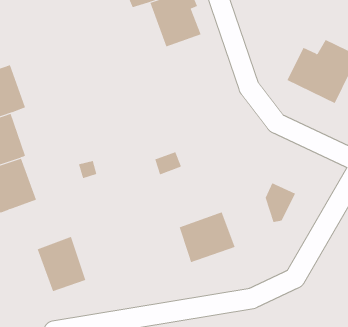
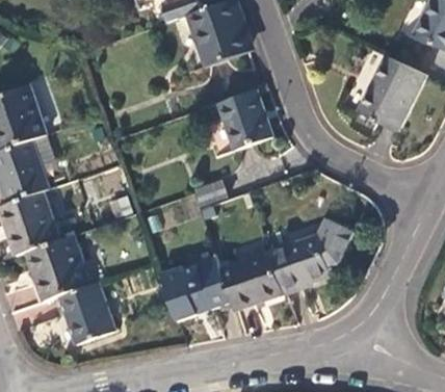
building: none -> [219,90,271,150]
building: none -> [28,235,89,299]
building: none -> [270,237,331,293]
building: none -> [160,257,231,320]

